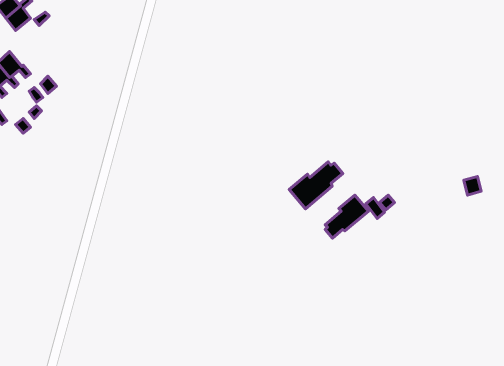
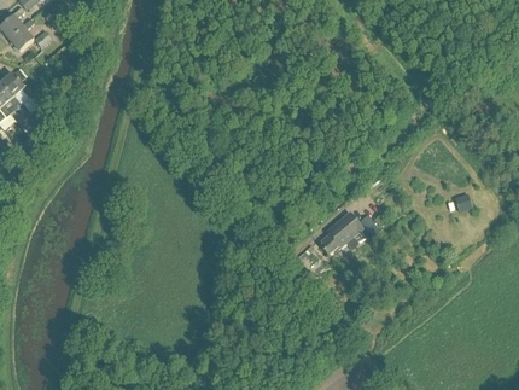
building: [289,162,343,209] -> none

